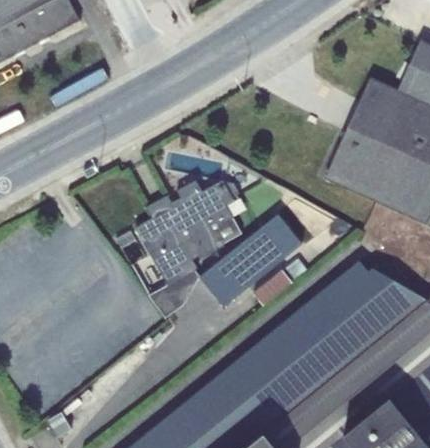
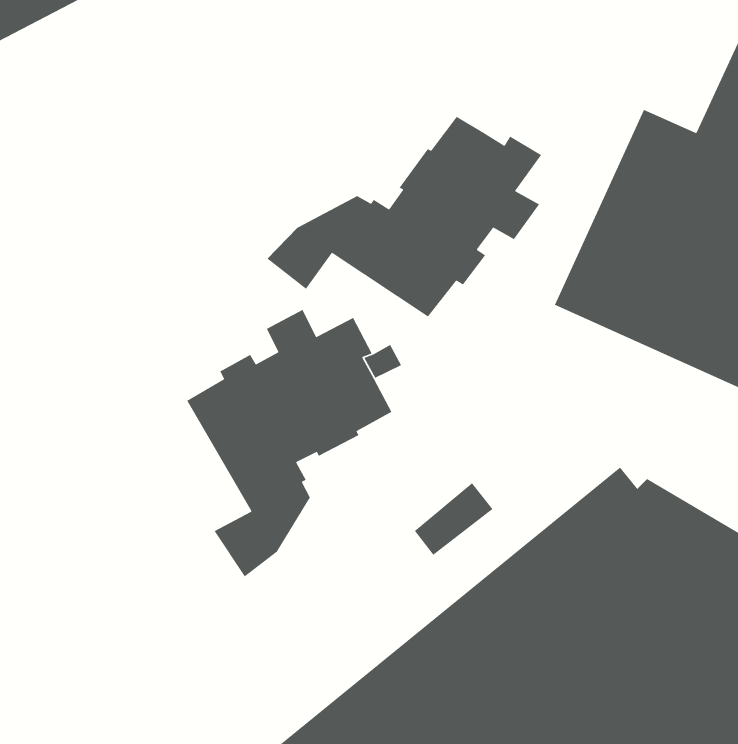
building: none -> [266,116,542,317]
building: [199,214,302,306] -> none

